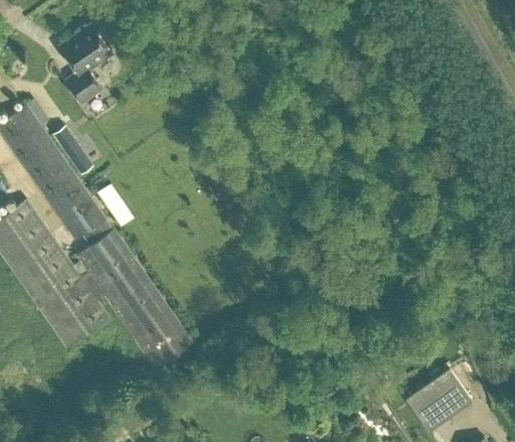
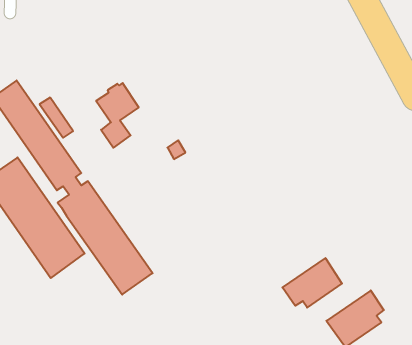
building: [60,24,113,104] -> [96,83,139,148]
building: none -> [282,258,342,308]

